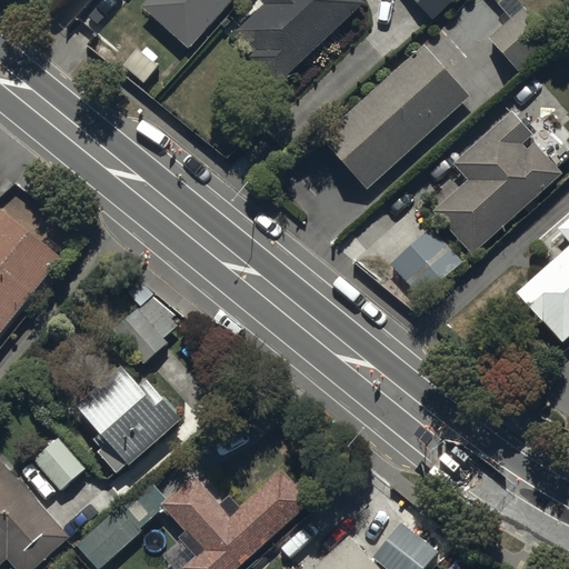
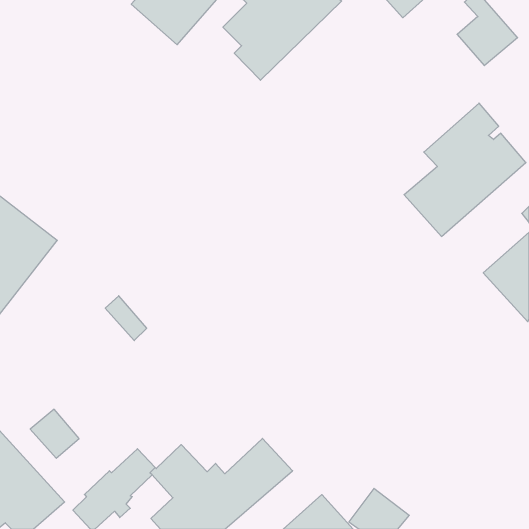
building: [319,43,469,188] -> none
building: [388,226,462,299] -> none
building: [78,367,182,473] -> none

